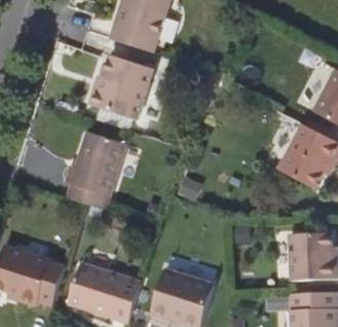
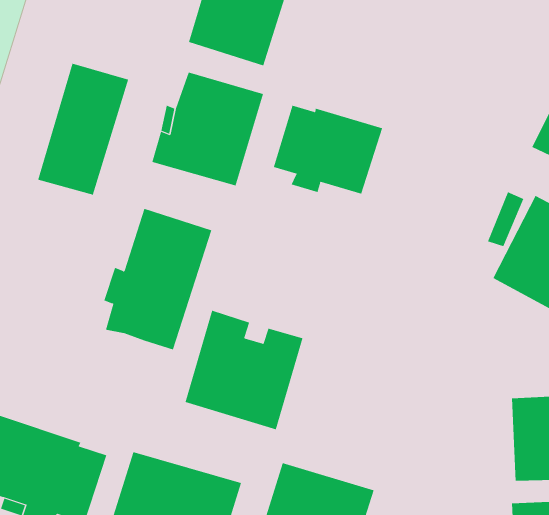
building: none -> [38,63,129,196]
building: none -> [273,105,383,194]
building: none -> [185,310,303,430]

